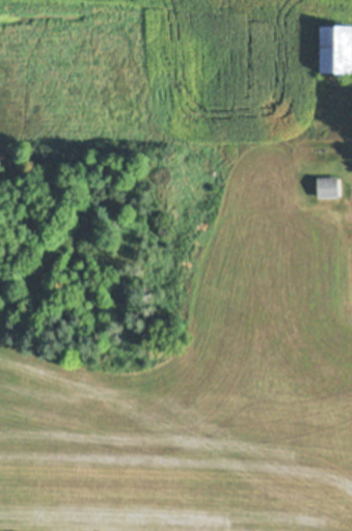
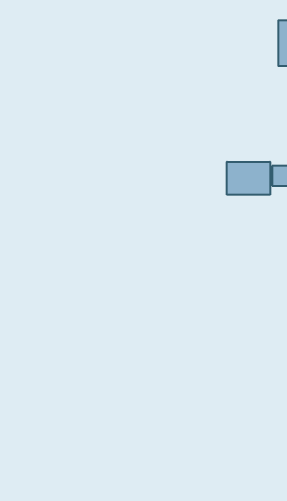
building: none -> [227,162,270,195]

